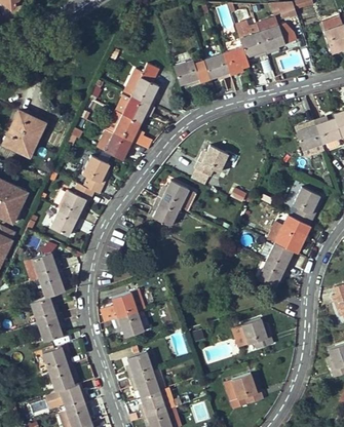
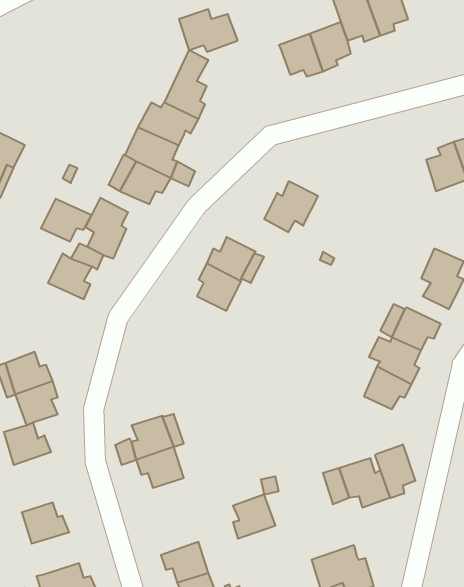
building: [174,59,211,85] -> [179,9,238,52]
building: [49,208,81,235] -> [41,199,92,241]
building: none -> [375,444,415,498]
building: [37,314,64,341] -> none
building: [126,351,153,379] -> [233,494,275,539]
building: [48,364,75,391] -> none

